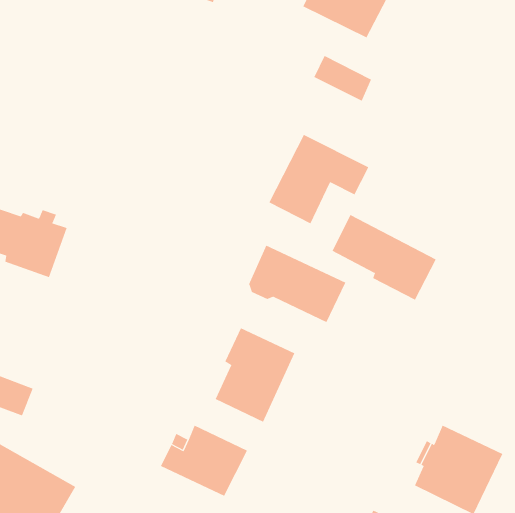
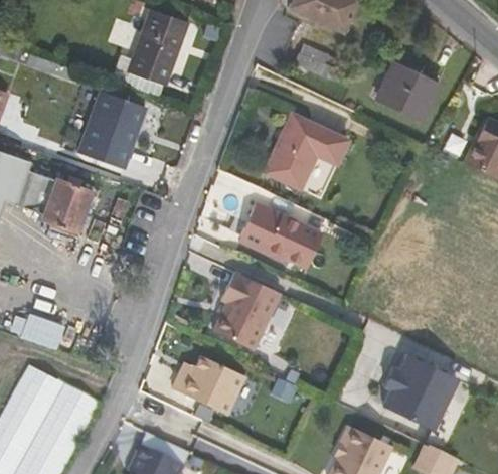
building: none -> [132,9,189,87]
building: none -> [376,63,438,122]
building: none -> [81,91,147,168]
building: [332,214,436,301] -> none

